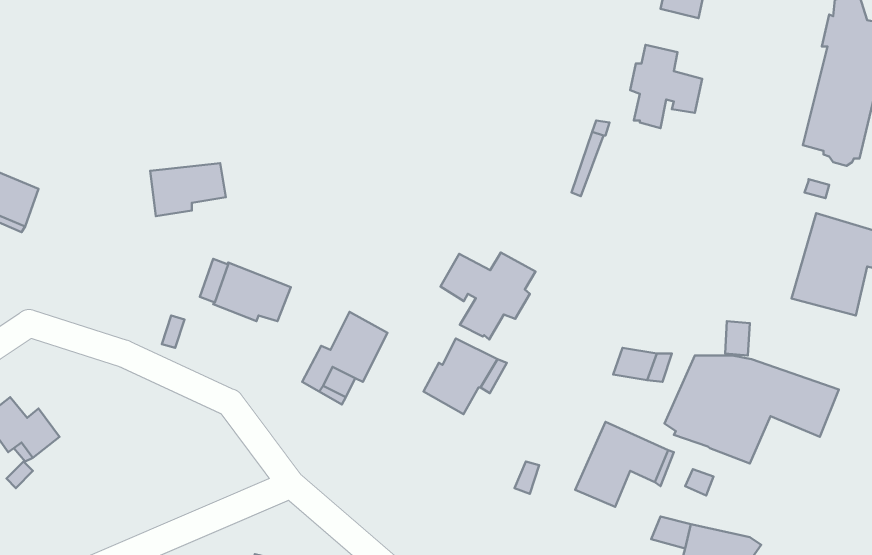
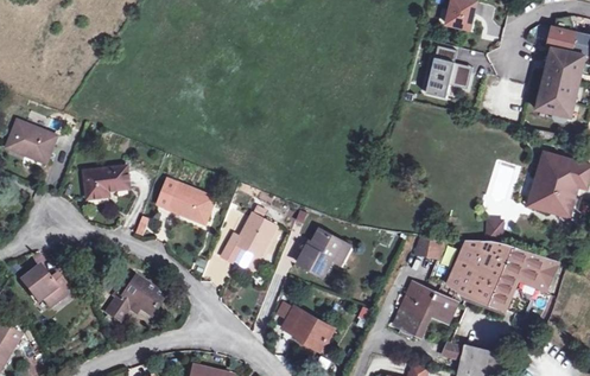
building: [150,163,226,216] -> [82,166,129,199]
building: [441,252,535,340] -> none
building: none -> [106,276,163,321]
building: none -> [281,307,332,350]

